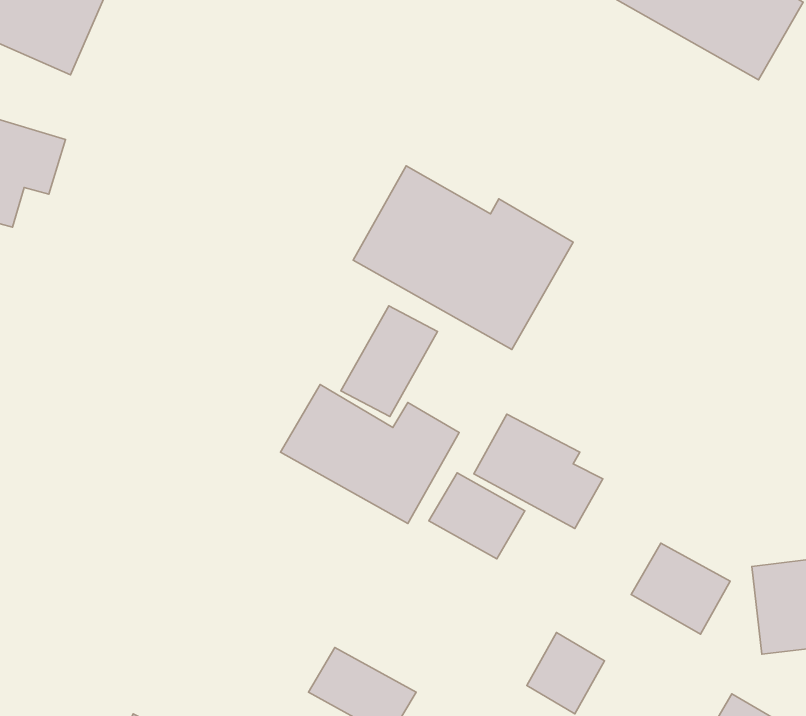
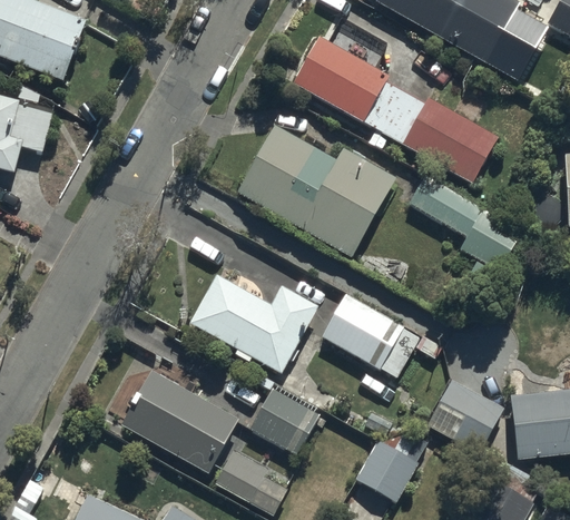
building: none -> [295,38,497,180]
building: none -> [412,176,521,271]
building: [341,306,438,416] -> none
building: [429,473,525,559] -> [252,389,316,447]
building: none -> [121,376,235,473]

